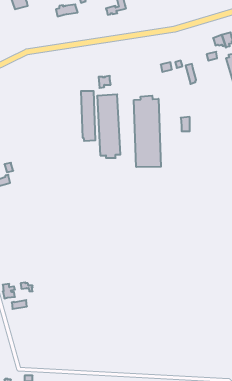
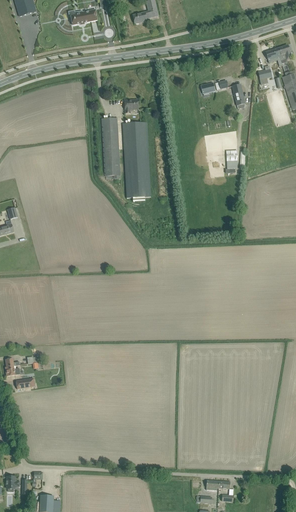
building: [134,96,161,167] -> none

